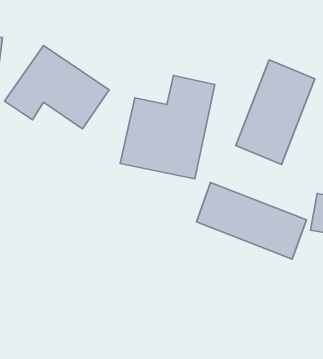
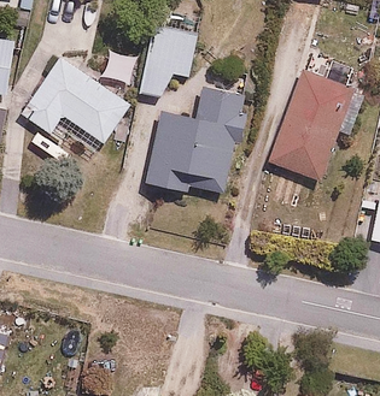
building: none -> [138,29,197,95]
building: [196,183,306,259] -> none

